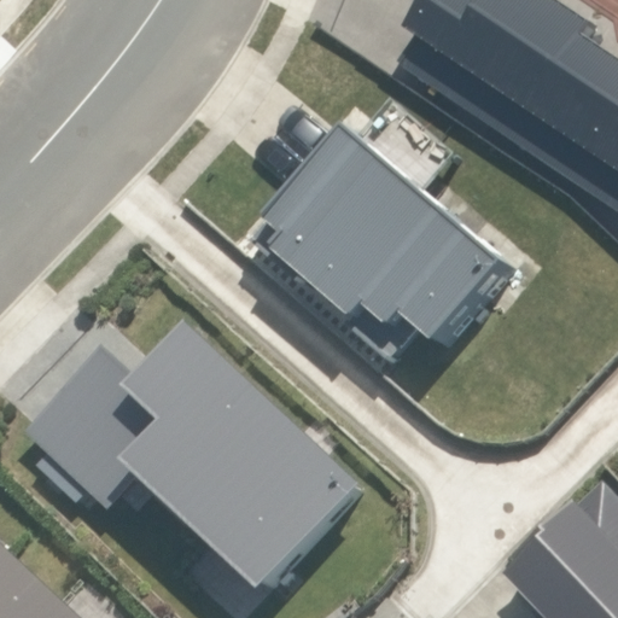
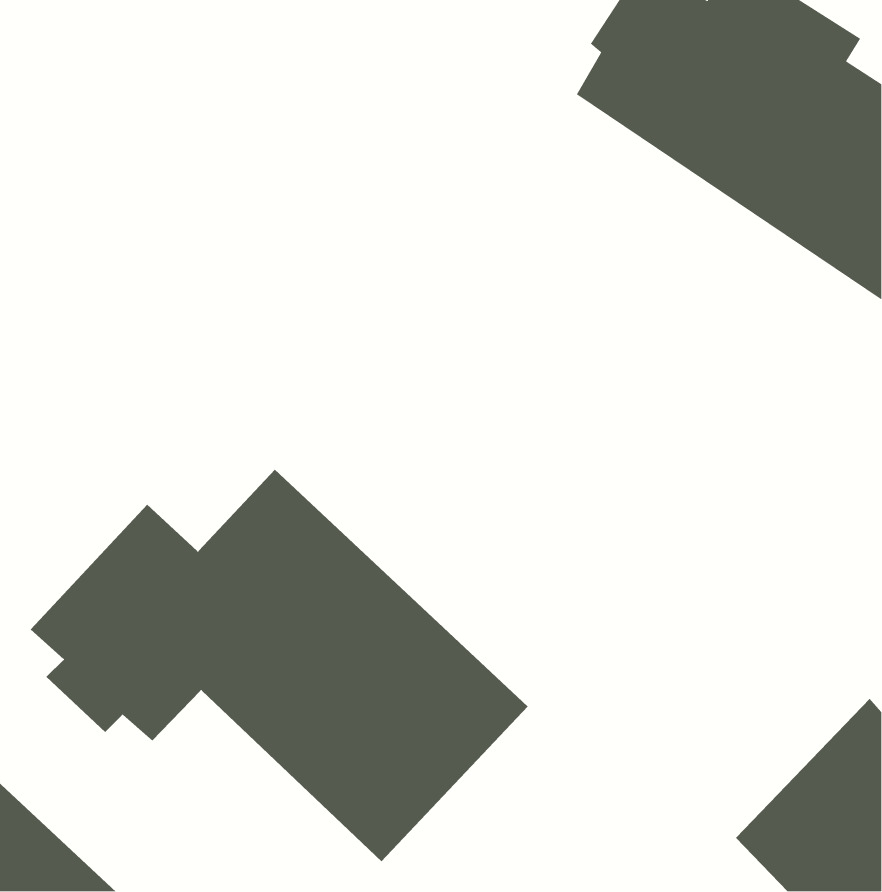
building: [266,129,509,365] -> none

